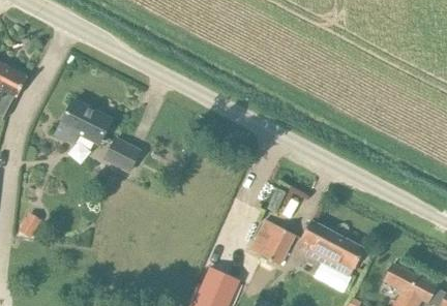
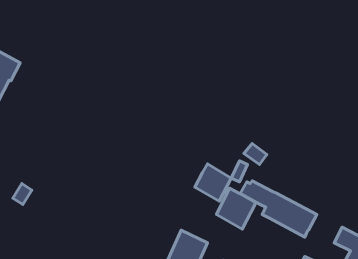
building: [56,99,111,144] -> none
building: [106,137,140,170] -> none
building: none -> [195,164,231,201]

